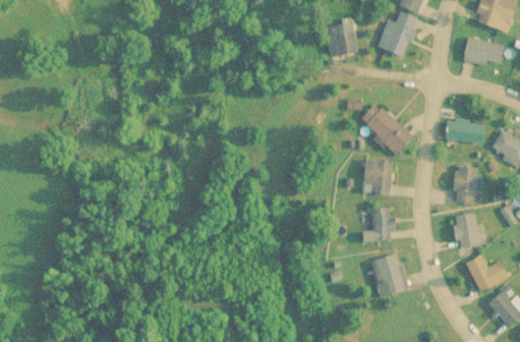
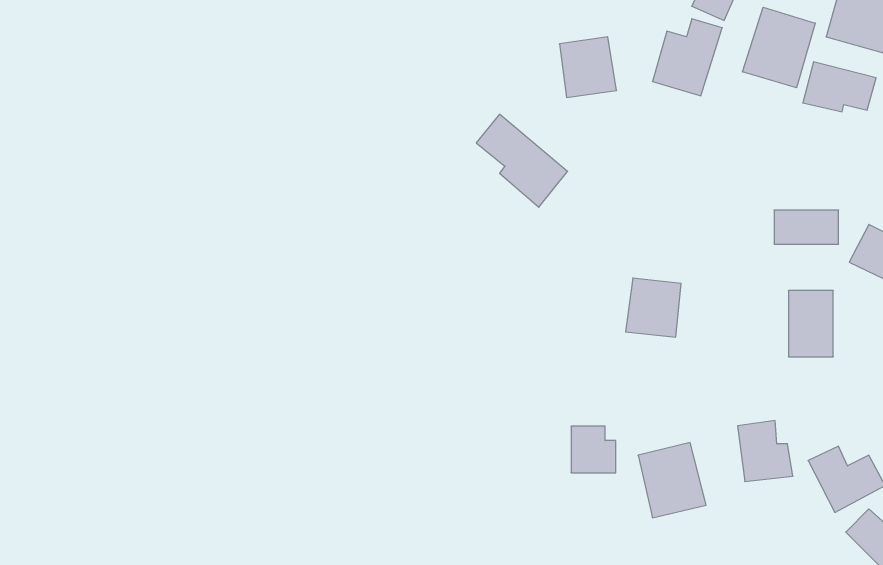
building: none -> [742,7,815,88]
building: [360,104,412,157] -> [476,114,568,207]
building: [370,209,396,235] -> [571,426,616,473]
building: [454,213,485,247] -> [738,421,793,481]

